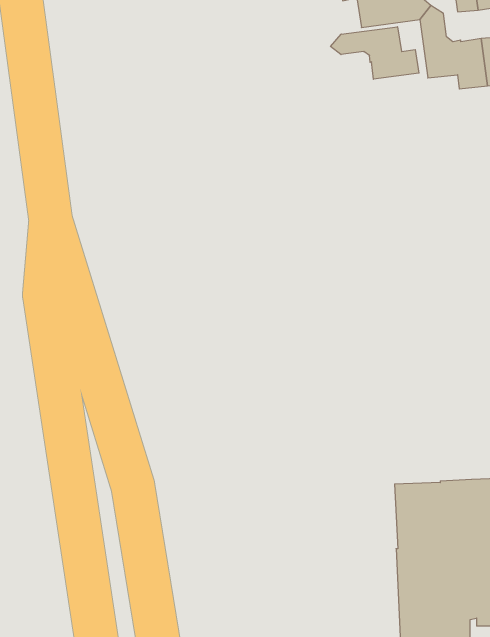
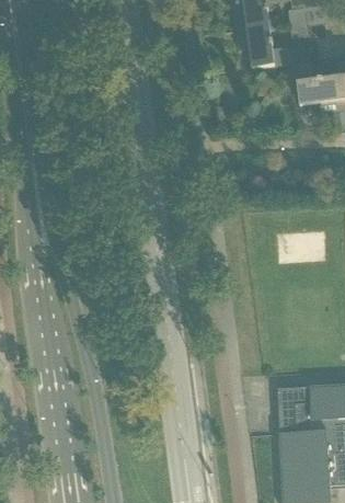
building: [331,27,419,79] -> none

